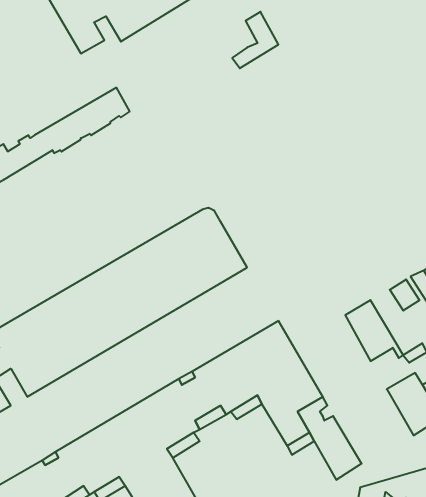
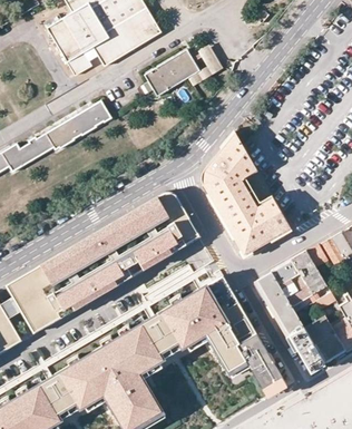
building: none -> [144,50,199,97]
building: none -> [204,134,290,256]
building: none -> [292,253,326,294]
building: none -> [258,272,324,371]

